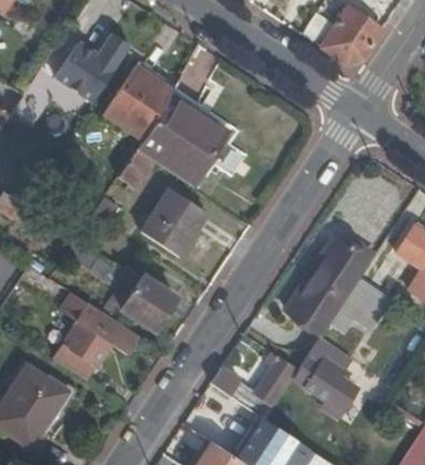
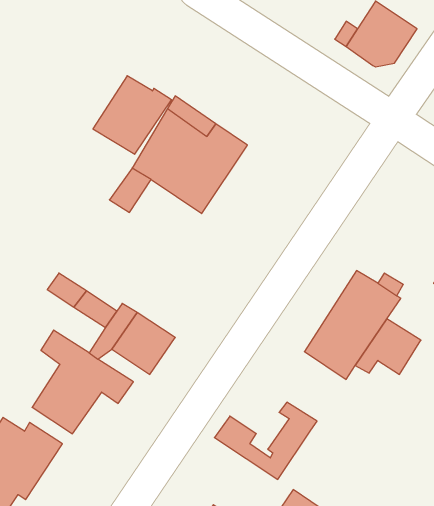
building: [55,28,132,100] -> none
building: [141,189,207,256] -> none
building: [291,338,354,415] -> none

